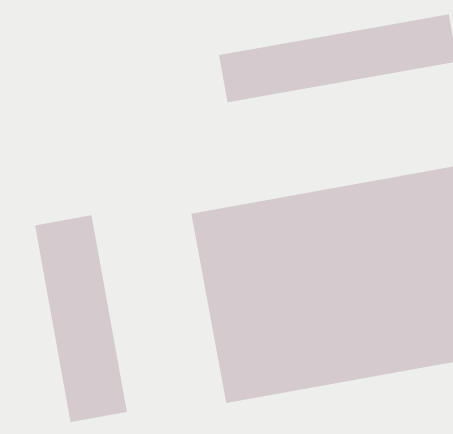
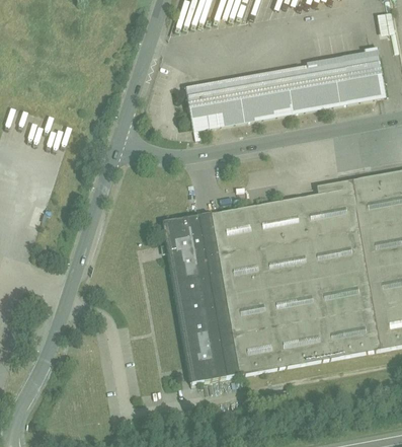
building: [35,214,128,423] -> none

